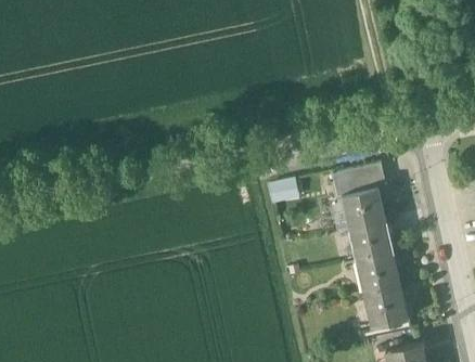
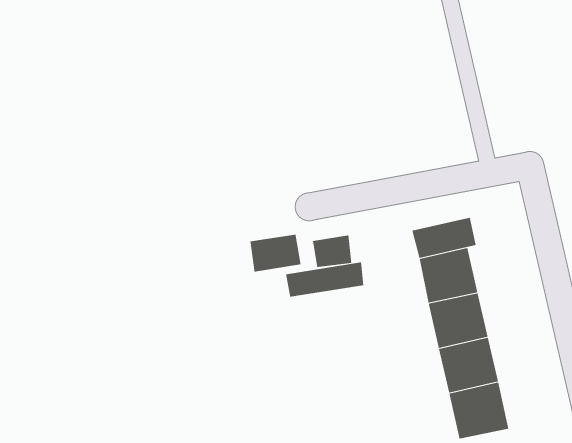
building: none -> [250,234,301,272]
building: none -> [285,262,364,297]

